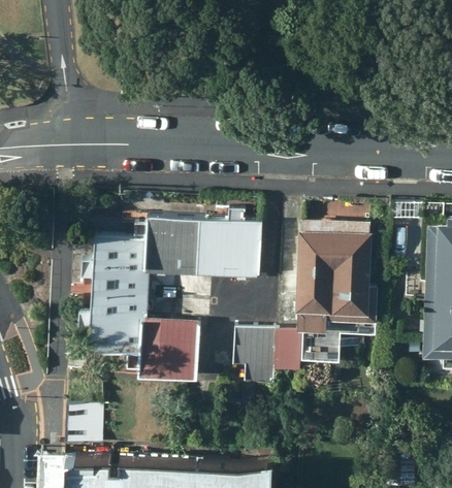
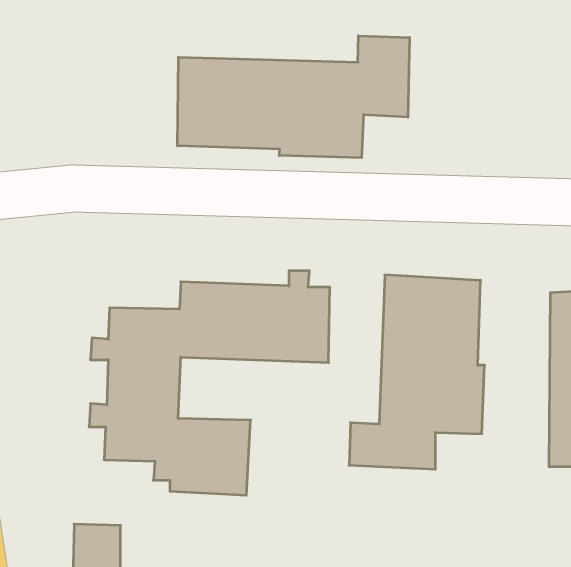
building: none -> [178,36,409,158]
building: [231,327,273,383] -> none

